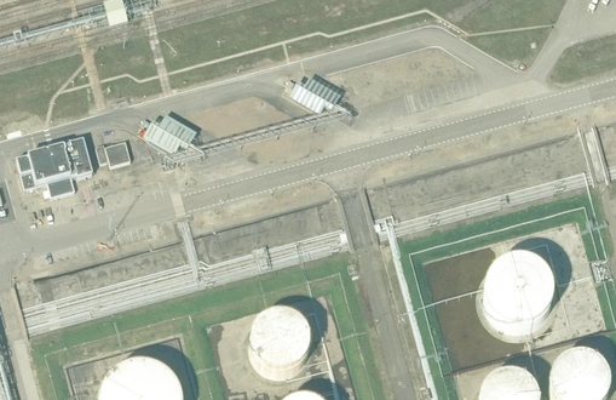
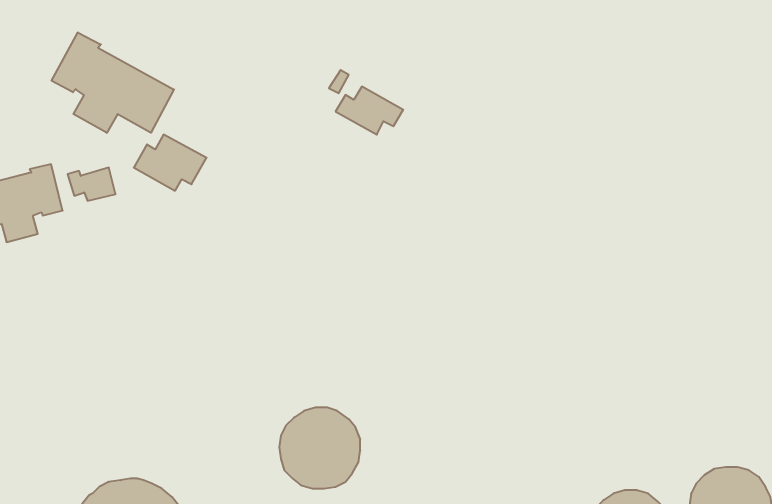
building: none -> [52,32,174,133]
building: [484,256,552,324] -> none

